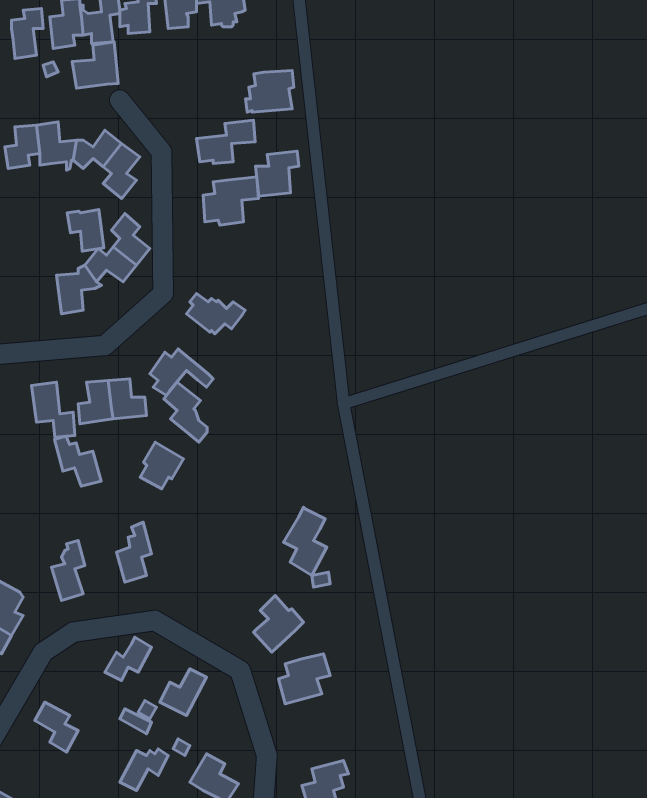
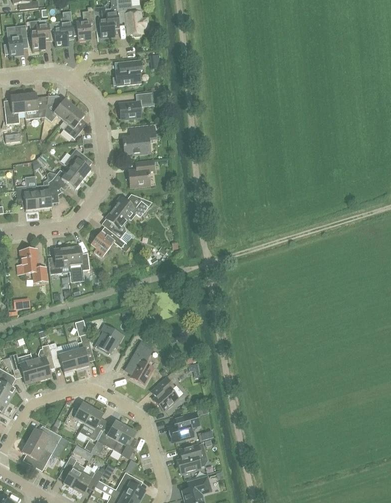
building: [72,42,118,88] -> none
building: [246,71,294,112] -> [113,59,142,84]
building: [255,151,299,196] -> [128,159,154,186]
building: [67,209,104,251] -> [16,184,38,209]
building: [164,382,207,442] -> [105,207,131,243]
building: [55,436,101,486] -> [48,341,76,371]
building: [140,442,183,489] -> [96,324,122,352]
building: [283,507,327,575] -> [127,342,153,383]
building: none -> [9,352,38,383]
building: none -> [81,407,103,439]
building: none -> [113,425,136,457]
building: none -> [28,428,61,453]
building: none -> [177,442,207,473]
building: none -> [63,455,85,488]

